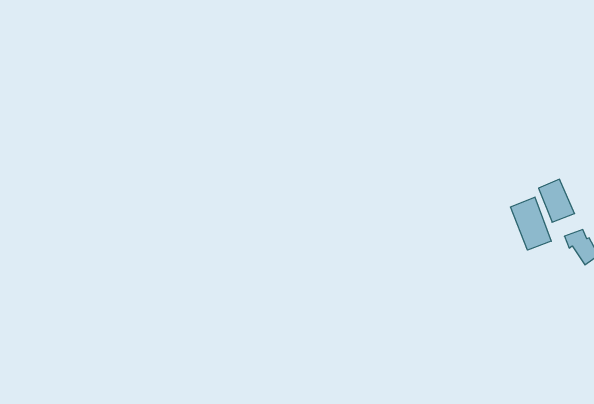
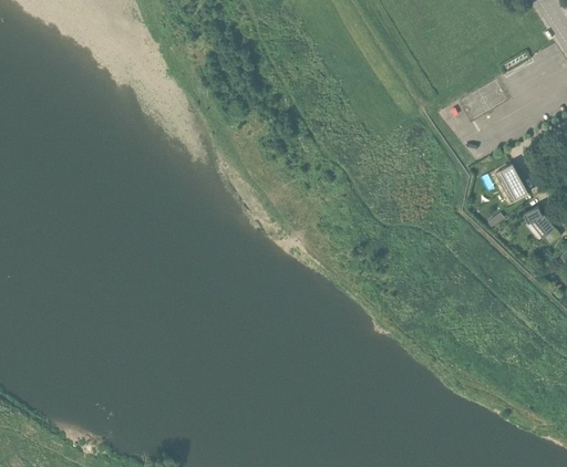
building: [510,197,551,250] -> none

